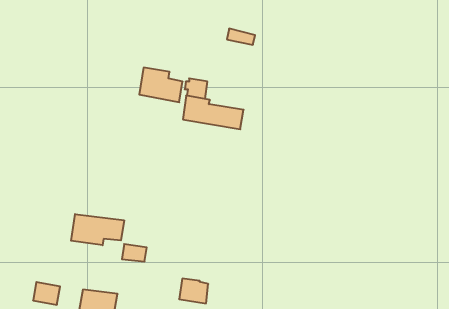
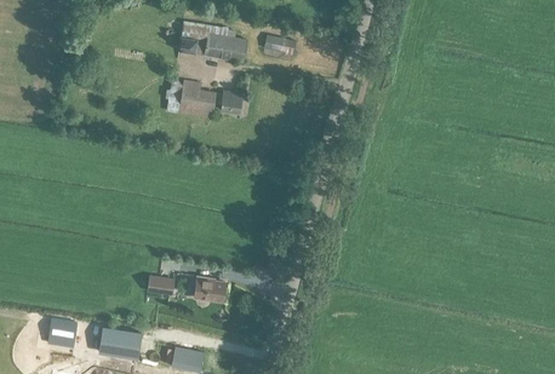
building: [183,96,244,129] -> [178,23,246,61]
building: [71,214,124,245] -> none
building: [179,279,208,303] -> [193,275,225,303]

